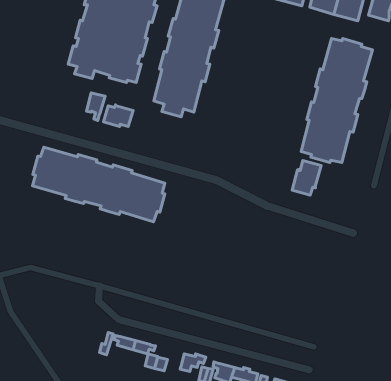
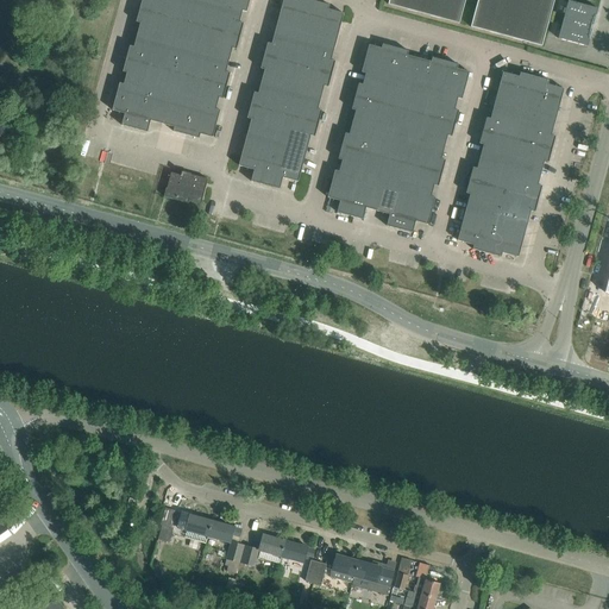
building: none -> [327,42,470,231]
building: [87,93,105,121] -> none
building: [32,147,165,222] -> none
building: [292,161,321,195] -> none
building: none -> [253,532,284,561]

